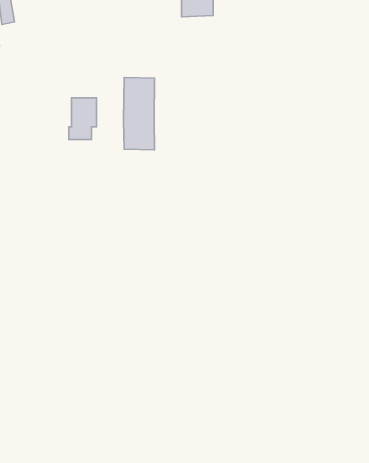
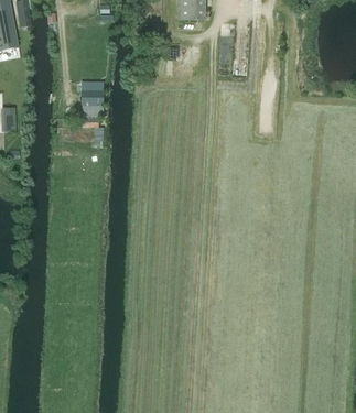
building: [124,78,155,150] -> none

